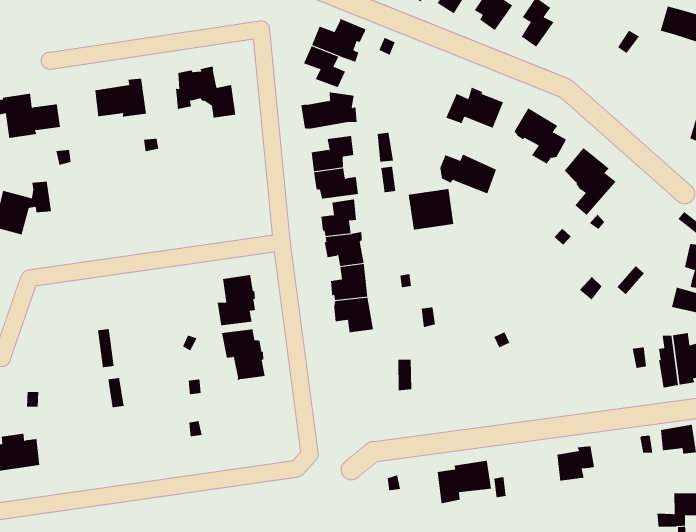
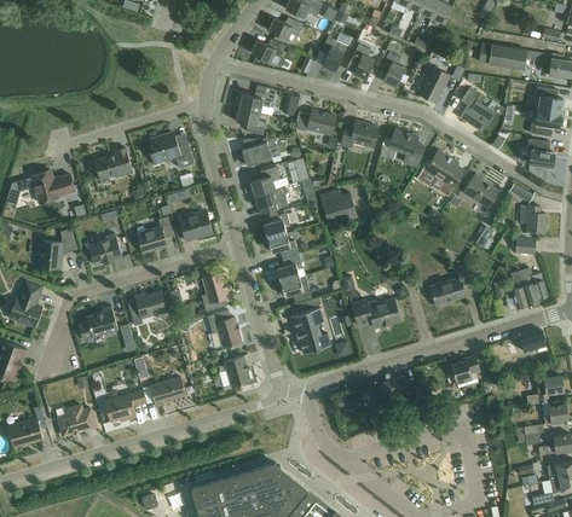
building: none -> [420,66,450,103]
building: none -> [460,86,497,132]
building: [439,154,497,194] -> [296,109,336,134]
building: none -> [179,210,213,240]
building: none -> [132,216,173,251]
building: none -> [463,173,498,208]
building: none -> [88,233,122,265]
building: none -> [128,292,166,325]
building: none -> [79,306,119,338]
building: none -> [429,263,472,307]
building: none -> [352,298,400,327]
building: none -> [291,308,330,353]
building: none -> [219,355,253,387]
building: none -> [150,376,186,406]
building: none -> [104,389,146,422]

